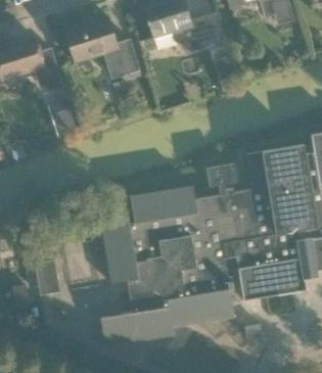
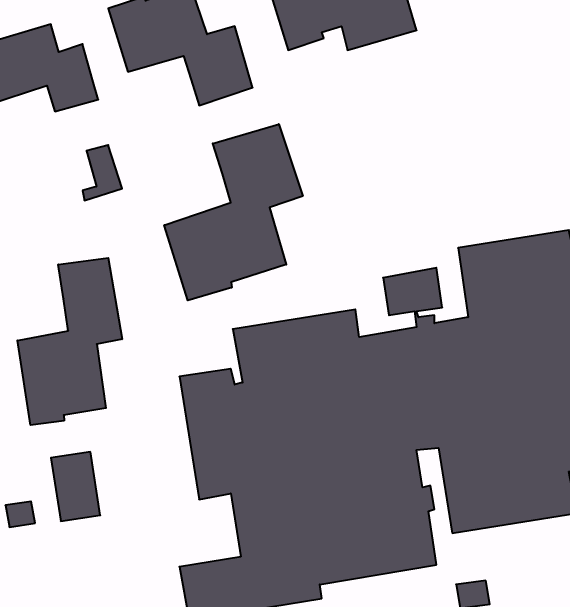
building: none -> [164,124,303,300]
building: none -> [17,258,122,425]

